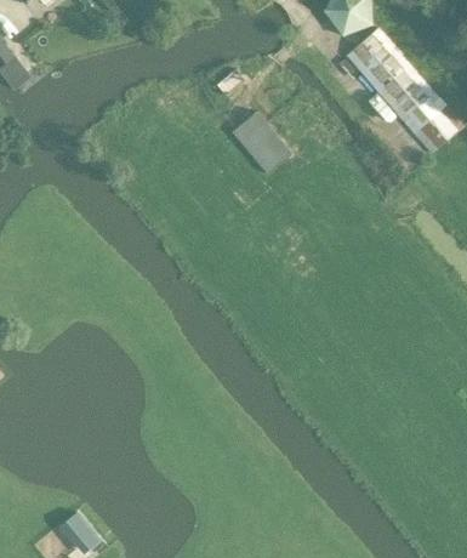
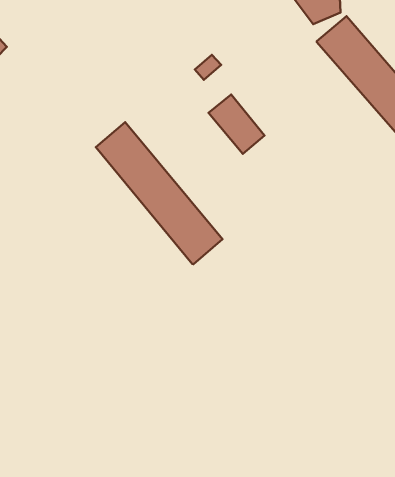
building: none -> [96,122,223,264]

